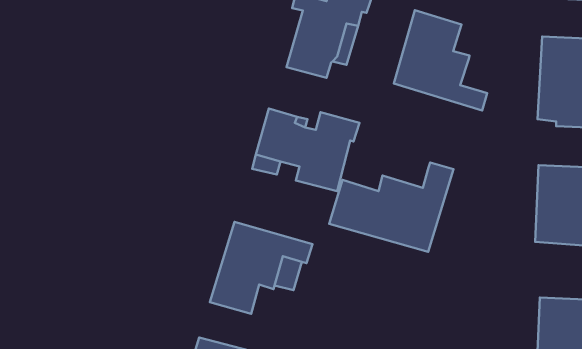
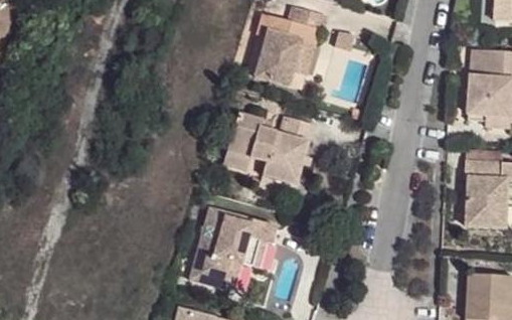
building: [394,10,487,110] -> none
building: [329,163,454,252] -> none

